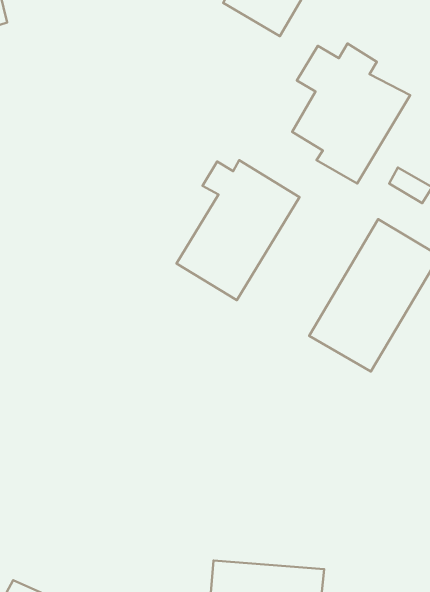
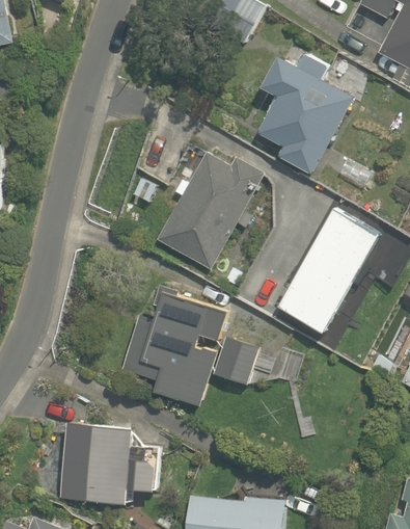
building: none -> [135,290,265,412]
building: none -> [61,421,158,504]

